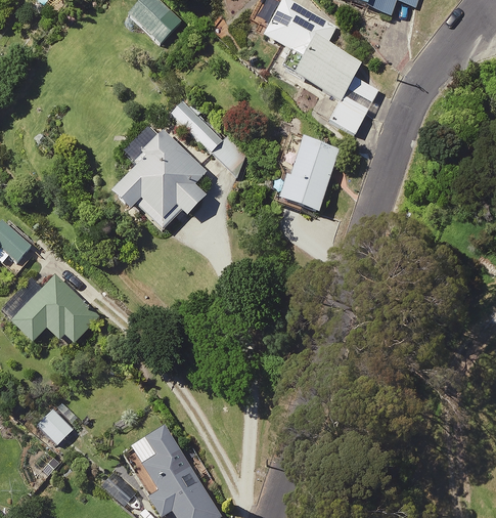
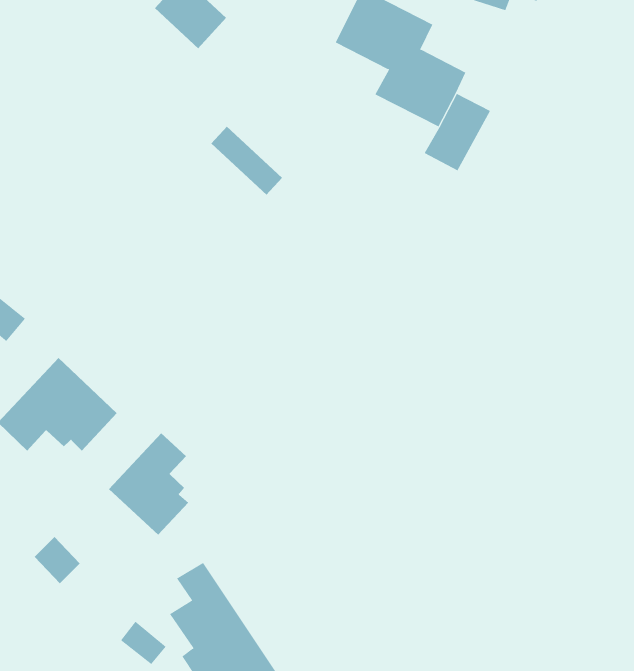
building: [109,128,208,230] -> none
building: [277,135,339,212] -> none
building: none -> [108,433,189,535]

